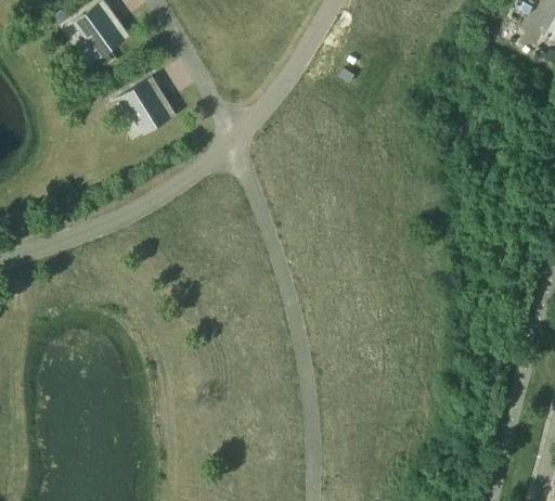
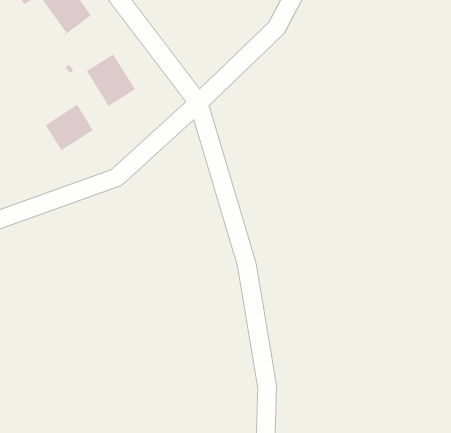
building: none -> [39,101,94,151]

